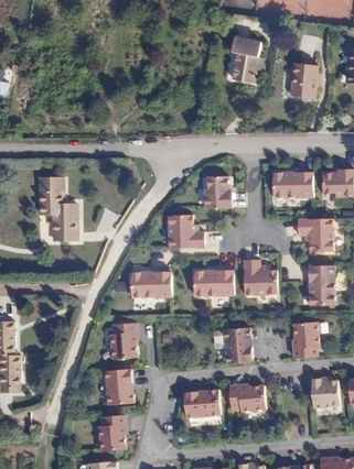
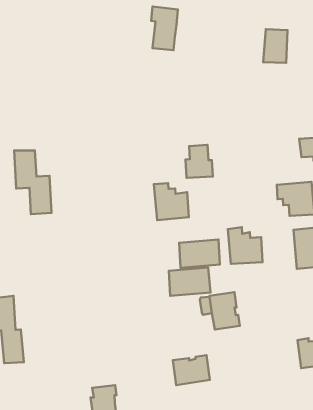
building: [232,37,259,83] -> [151,7,178,50]
building: [272,174,313,200] -> none
building: [132,273,173,299] -> [169,268,211,296]
building: [110,320,136,357] -> none
building: [292,320,319,357] -> none
building: [104,367,132,403] -> none
building: [227,383,264,410] -> none

